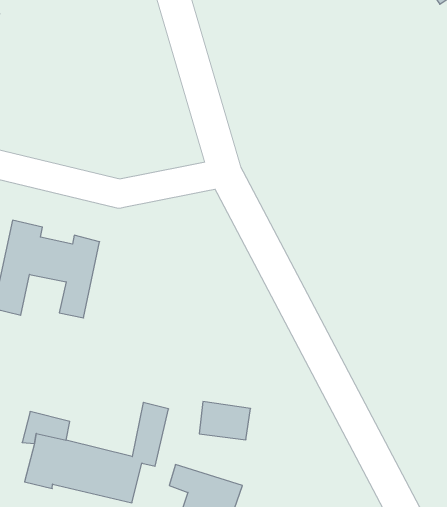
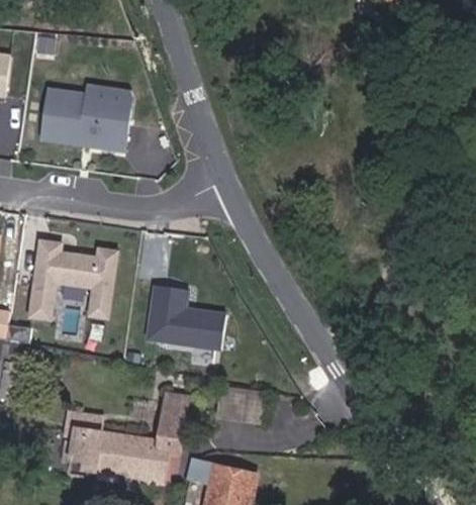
building: none -> [39,85,131,153]
building: none -> [146,283,225,348]

